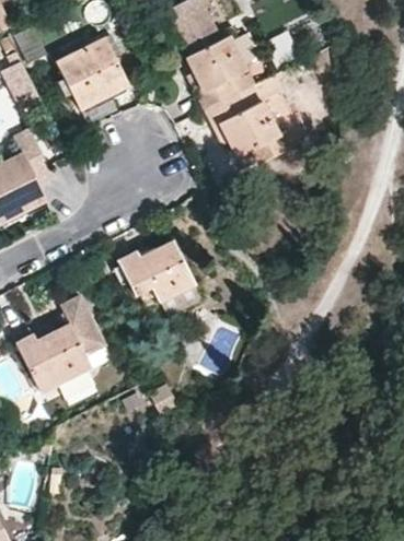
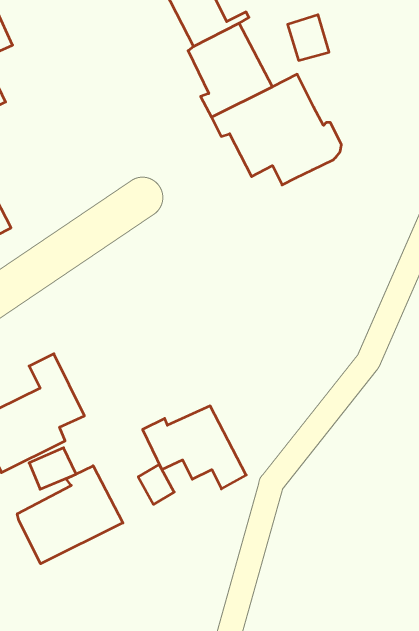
building: [57,39,128,108] -> none
building: [119,243,201,308] -> [143,406,246,489]
building: none -> [17,466,123,564]

